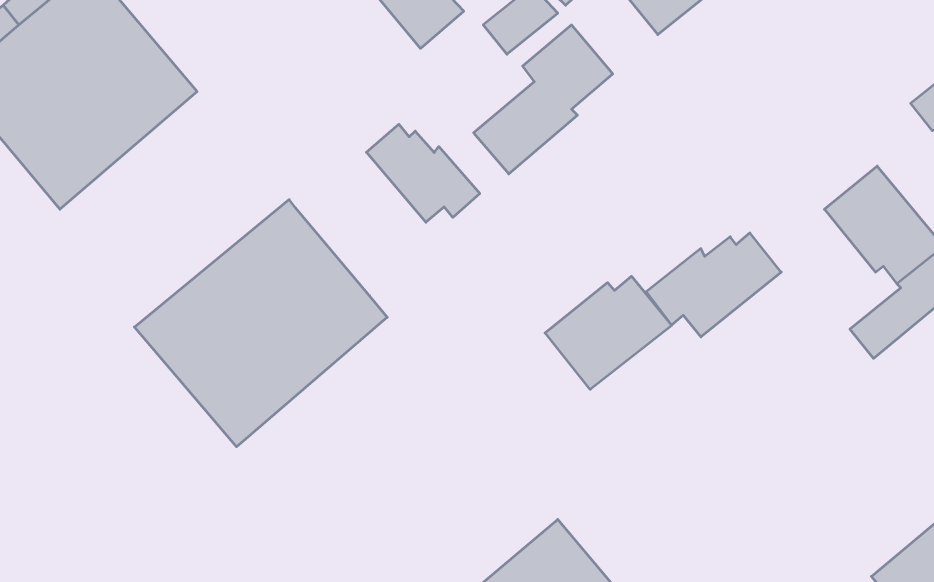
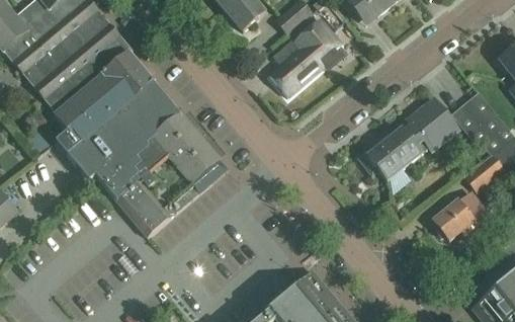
building: none -> [53,51,174,180]
building: [366,124,480,222] -> none
building: none -> [406,96,458,150]
building: [545,276,672,389] -> none
building: none -> [433,190,494,240]

